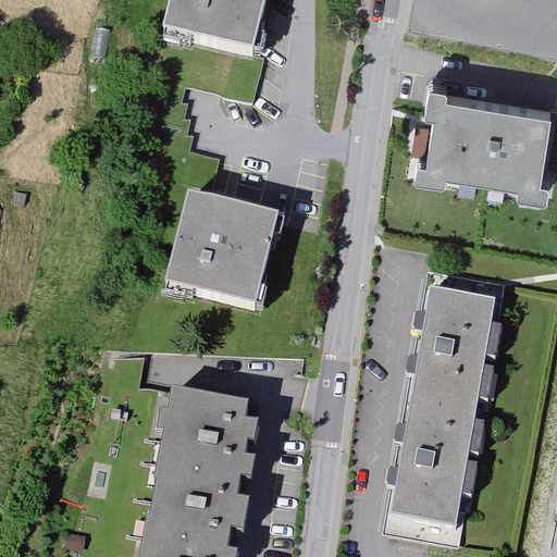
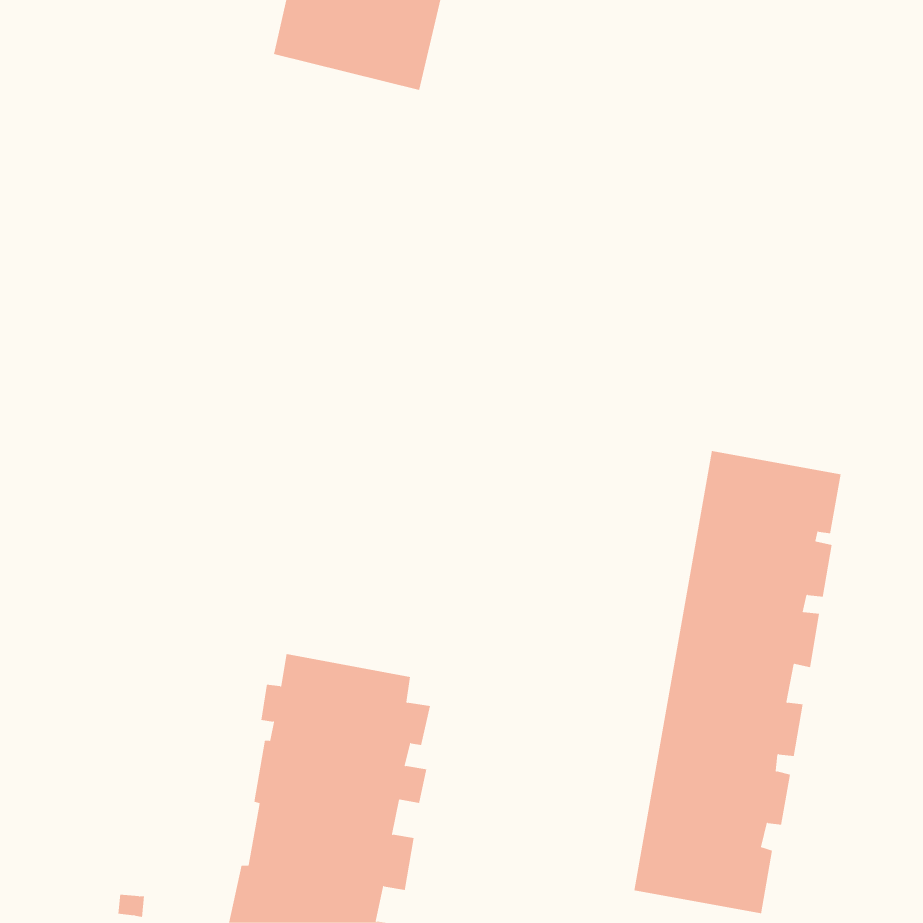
building: [414,82,549,195] -> none
building: [165,198,277,310] -> none

